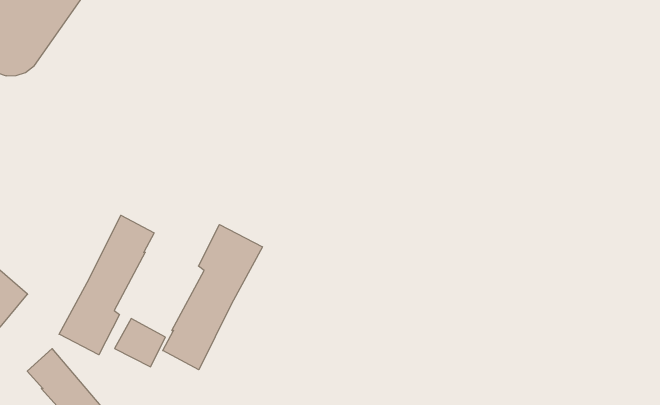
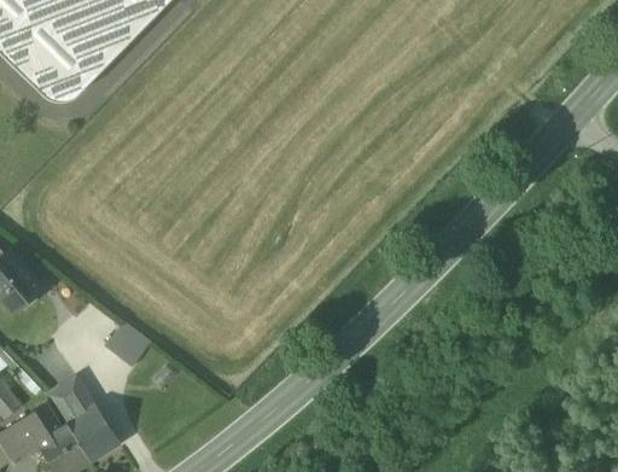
building: [59,215,154,355] -> none
building: [163,225,262,370] -> none

